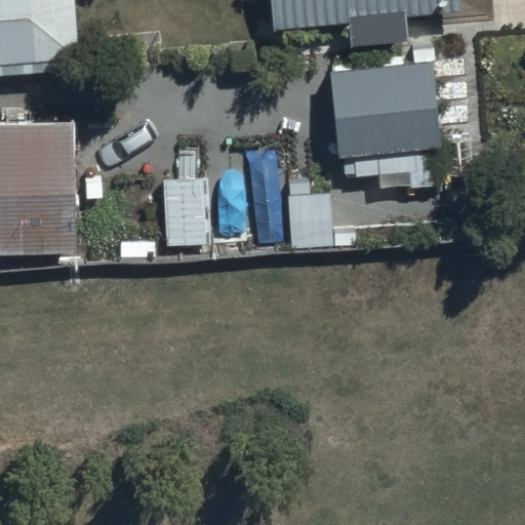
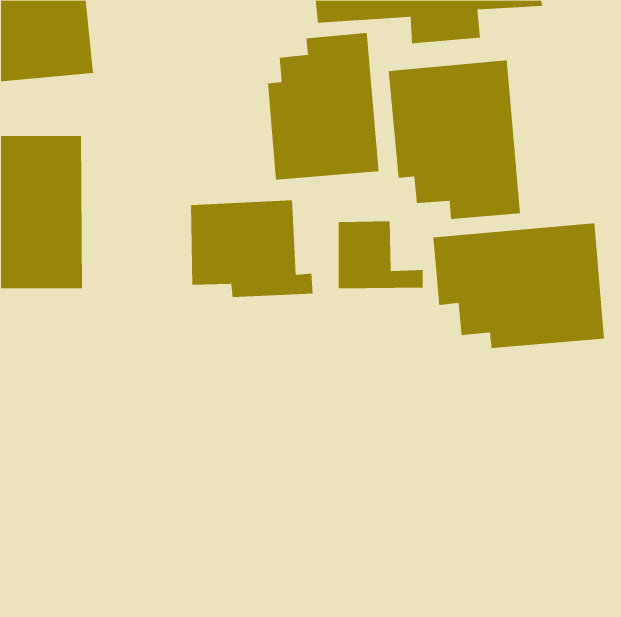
building: none -> [267,32,379,180]
building: none -> [433,223,604,349]

